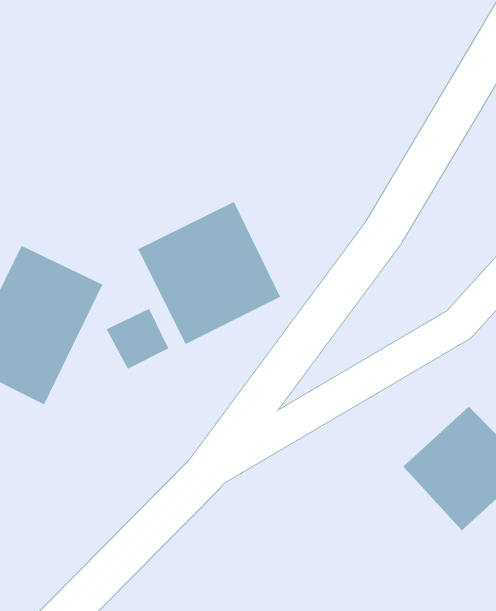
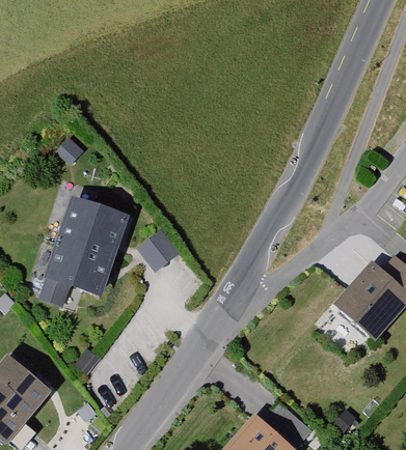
building: [137,201,281,345] -> none

